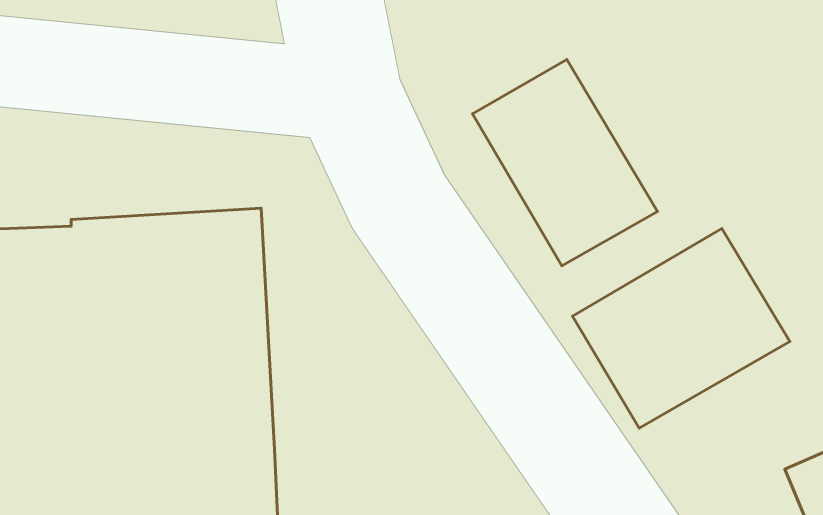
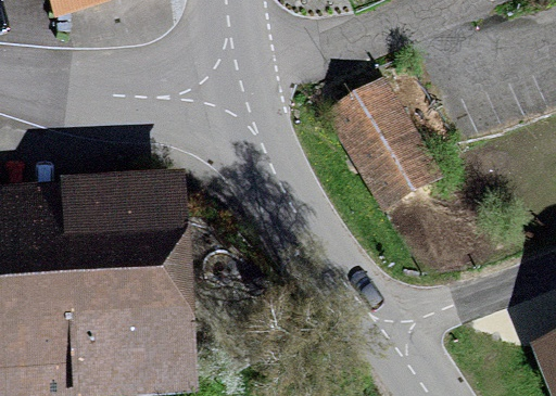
building: [573,228,790,428] -> none

